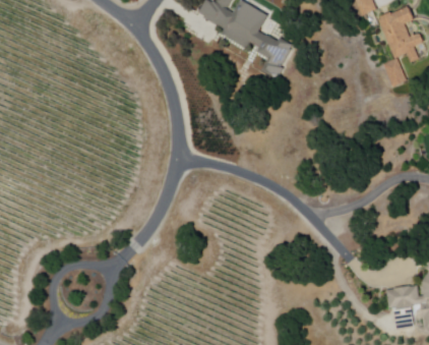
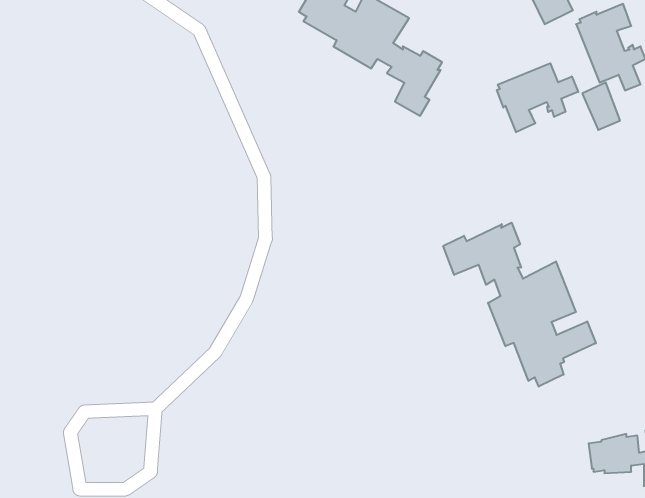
building: none -> [497,63,578,132]
building: none -> [443,223,596,387]

